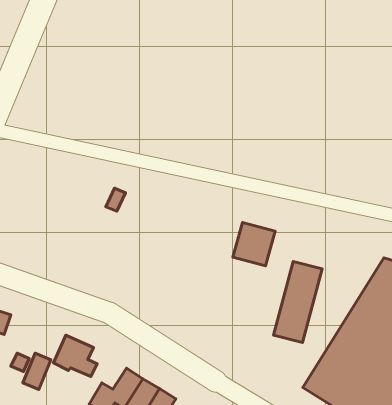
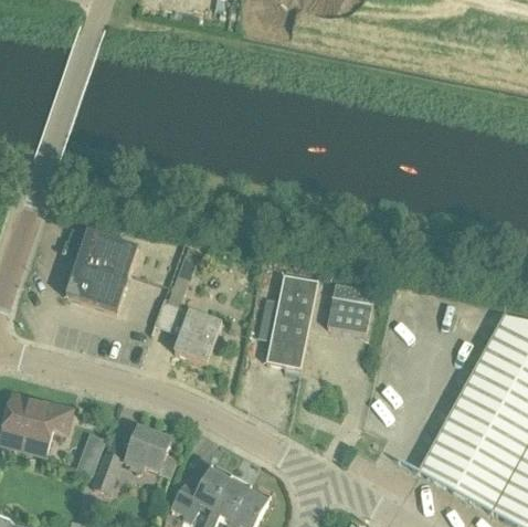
building: none -> [61,226,138,312]
building: none -> [155,299,222,362]
building: [274,261,322,343] -> [266,274,318,368]

